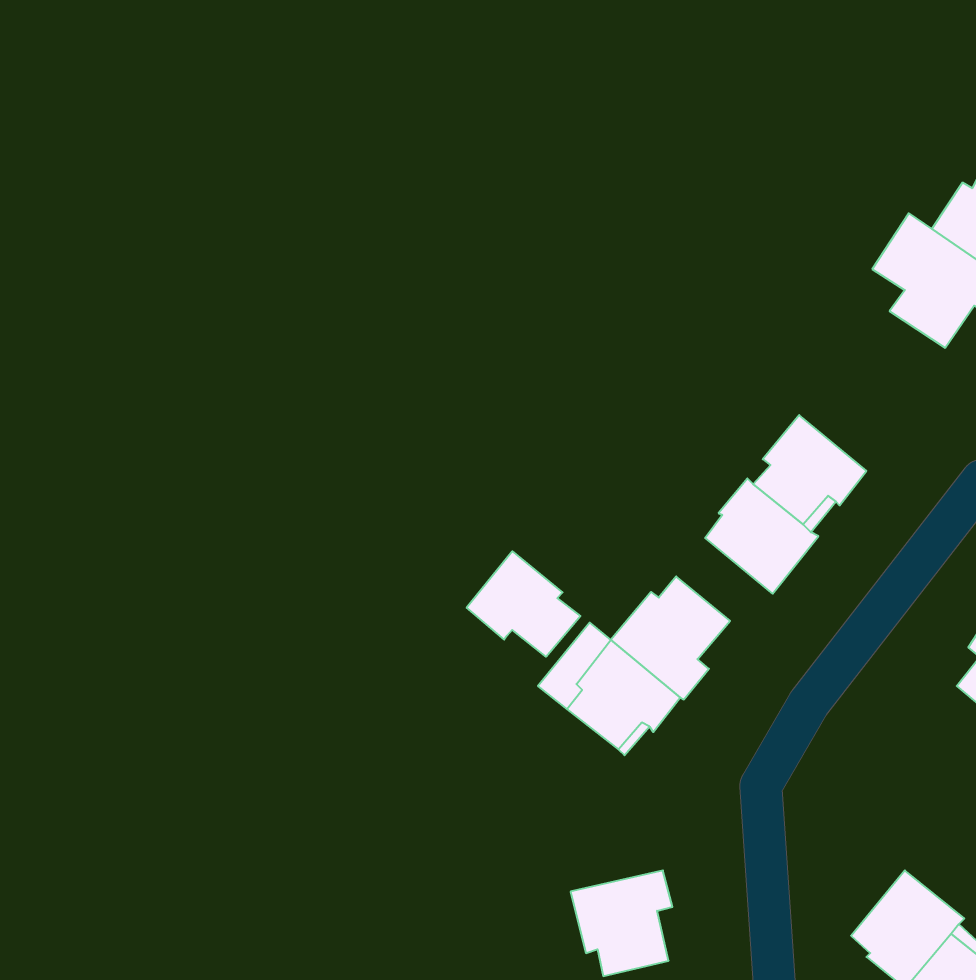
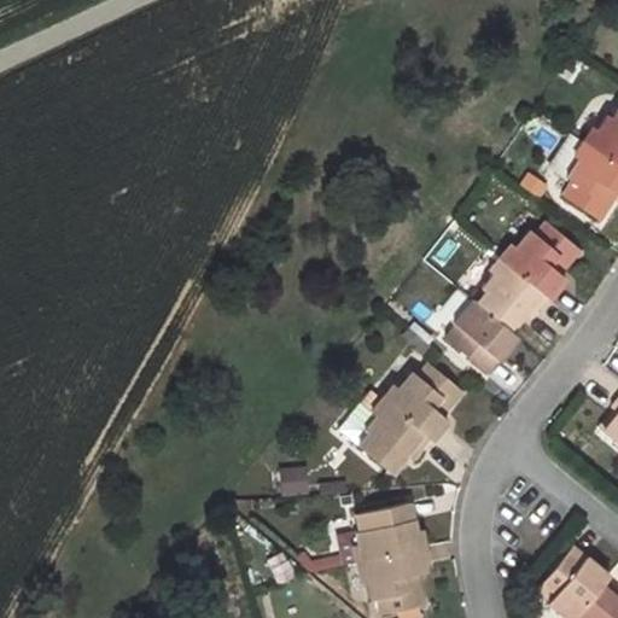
building: none -> [506,223,579,299]
building: [467,551,580,657] -> none
building: none -> [356,503,420,561]

